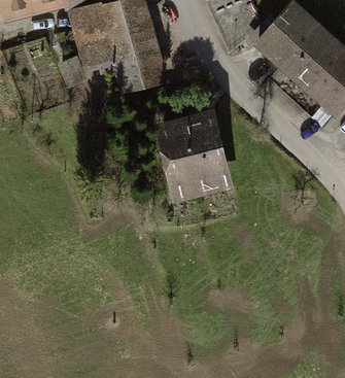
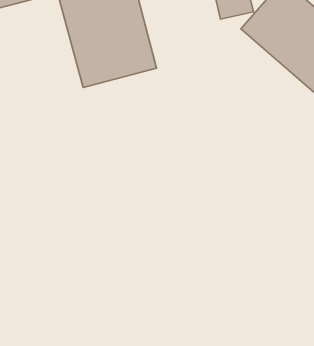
building: [150,109,228,204] -> none

